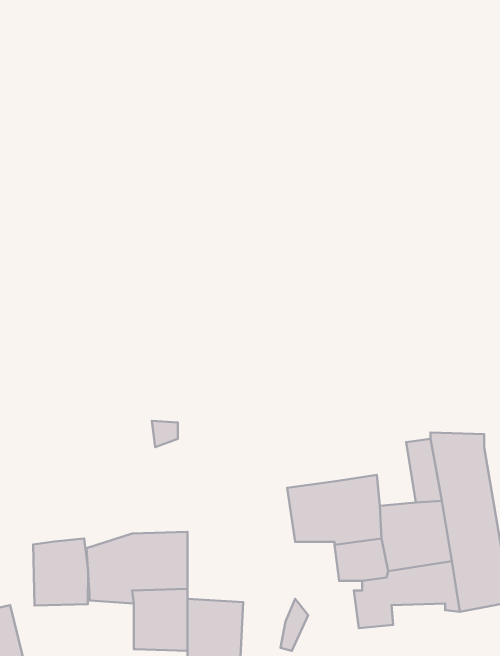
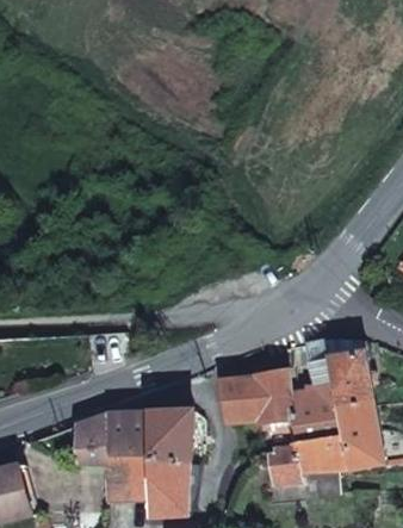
building: none -> [149,410,194,462]
building: [33,538,88,606] -> none
building: none -> [298,464,340,497]

